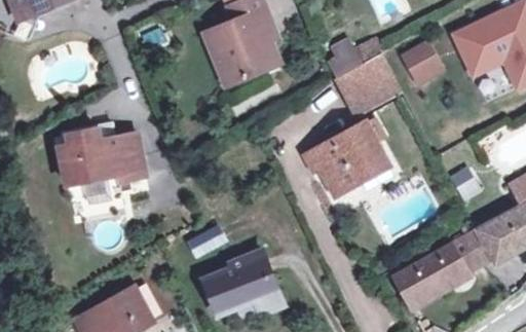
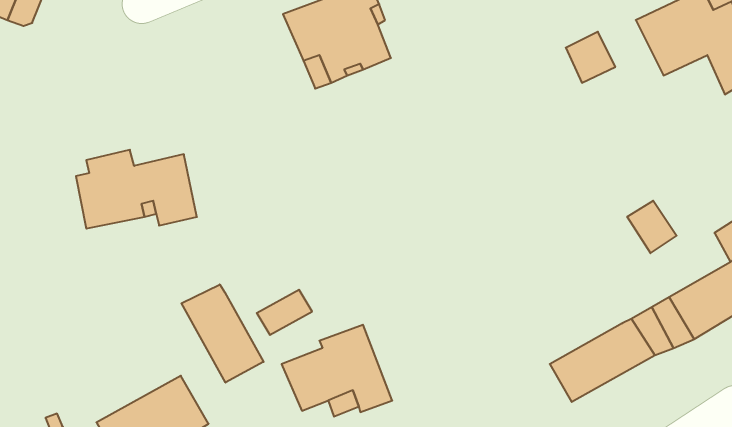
building: [327,27,411,107] -> none
building: [305,118,386,195] -> none
building: none -> [181,284,264,383]

